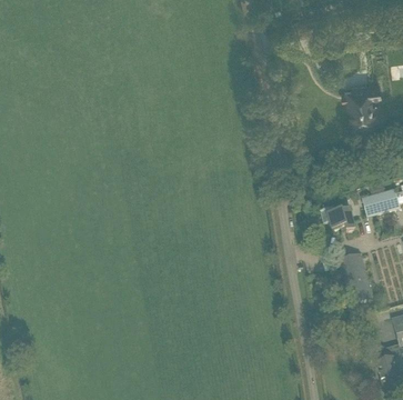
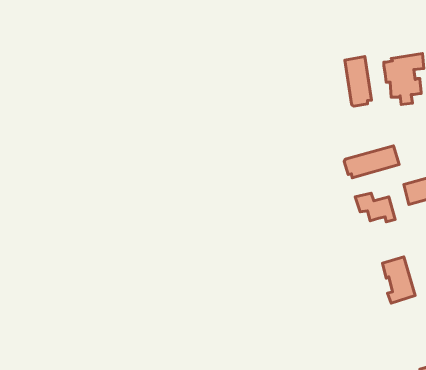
building: none -> [345,56,371,106]
building: none -> [344,146,399,178]

